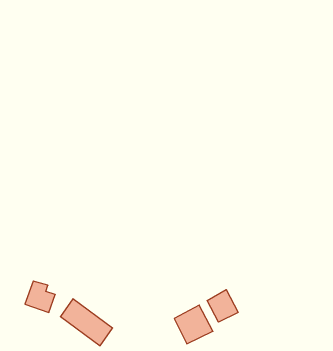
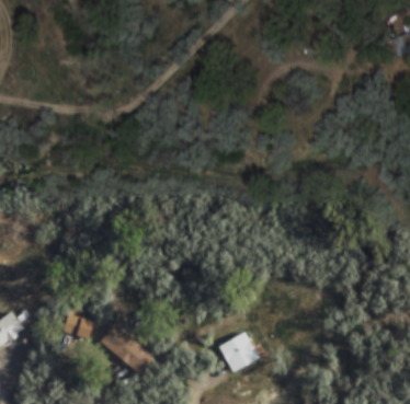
building: [207,290,238,322] -> none

